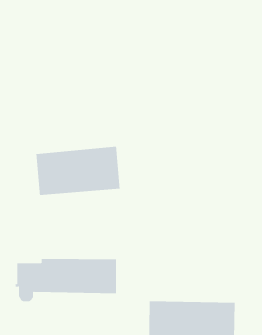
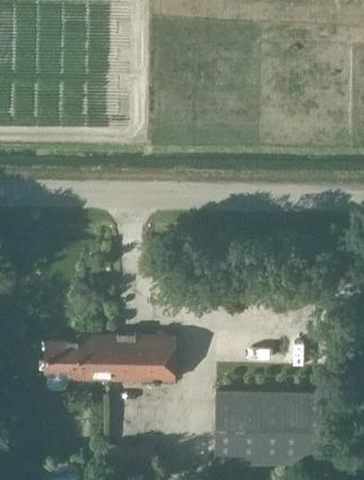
building: [36,146,120,196] -> none

